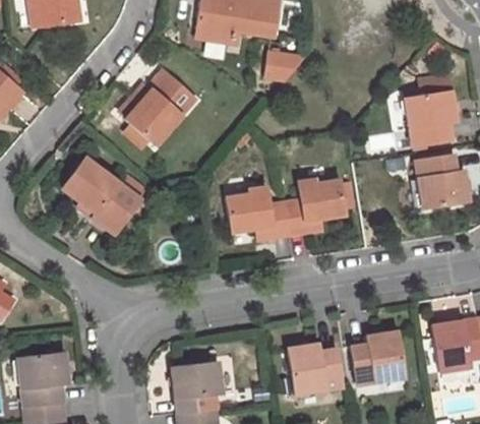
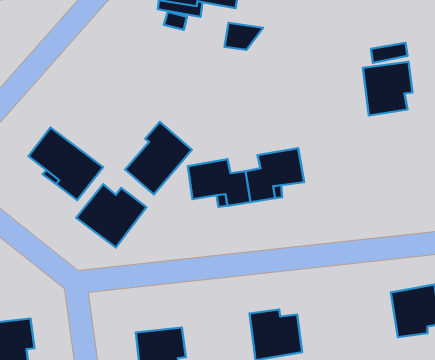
building: [126,69,194,143] -> [125,122,192,194]
building: [414,154,468,208] -> none
building: none -> [76,184,147,248]
building: [352,331,407,384] -> none

